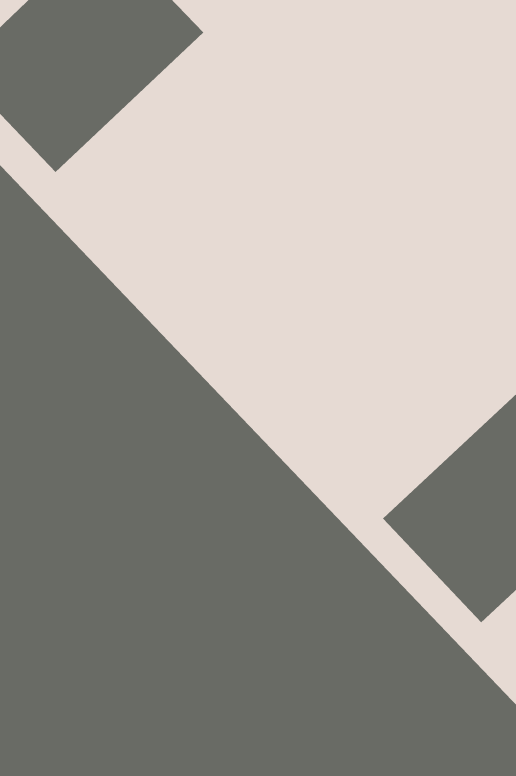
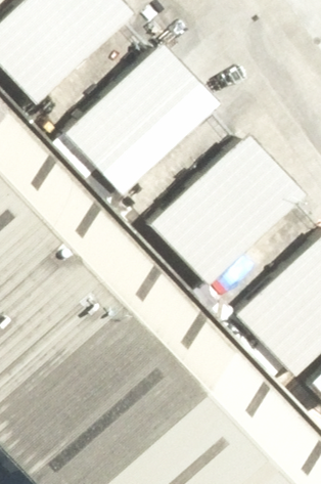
building: none -> [62,46,212,193]
building: none -> [147,140,296,287]

